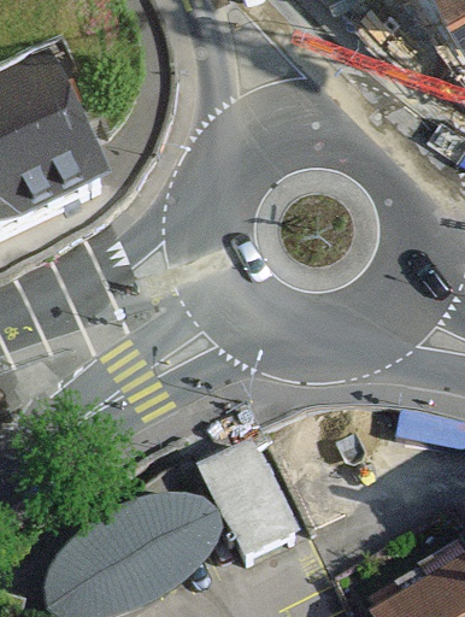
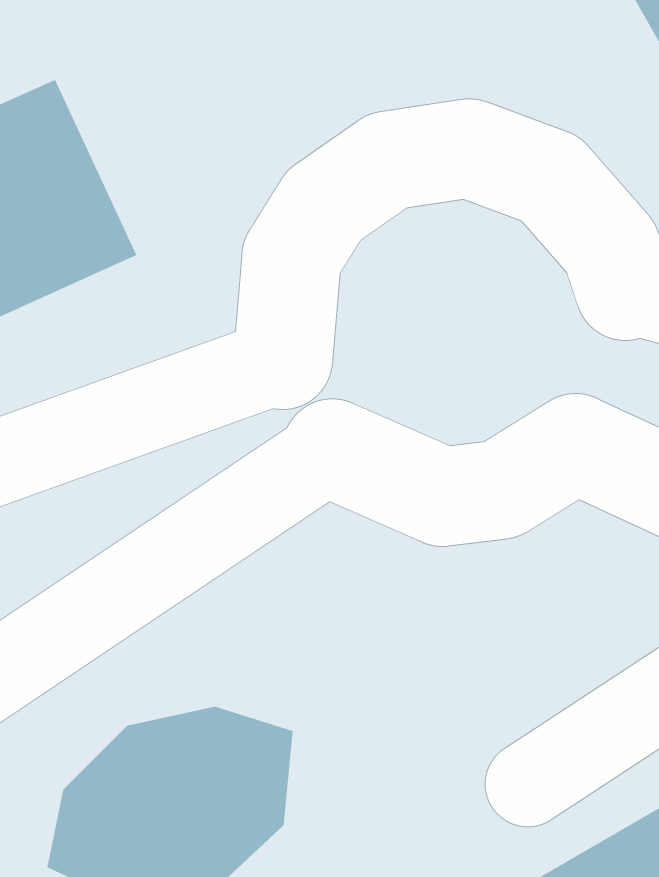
building: [194,434,304,563] -> none

